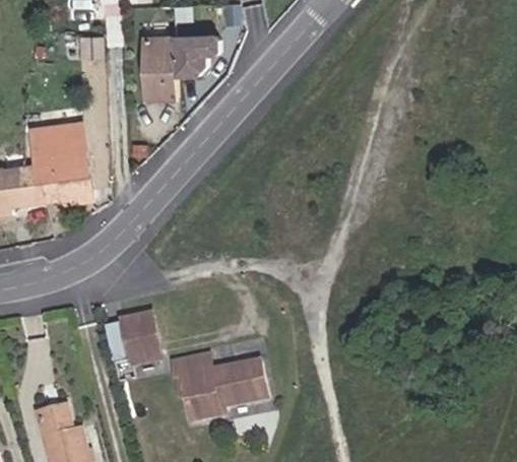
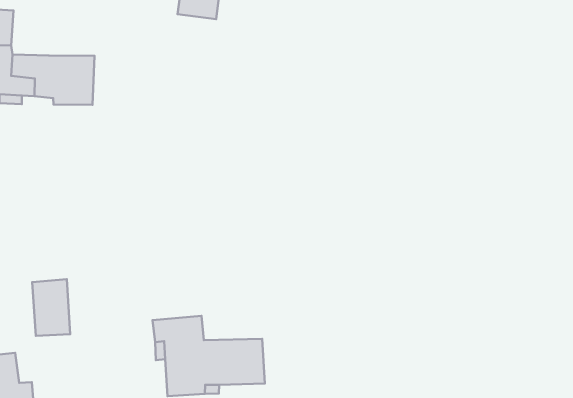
building: [35,124,83,160] -> none
building: [120,310,157,359] -> [32,279,70,336]

